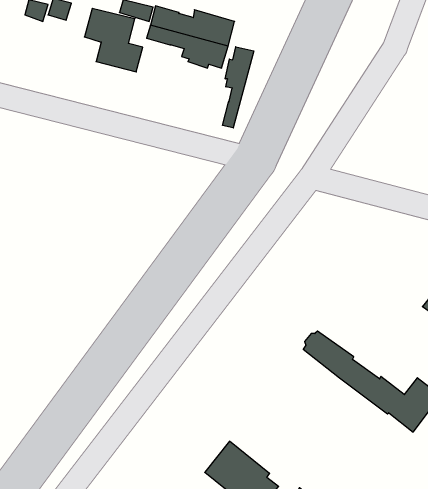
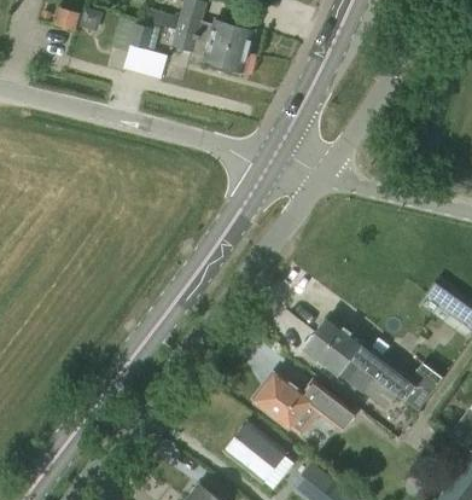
building: [223,47,254,128] -> none
building: none -> [303,336,395,409]
building: none -> [255,376,354,437]

